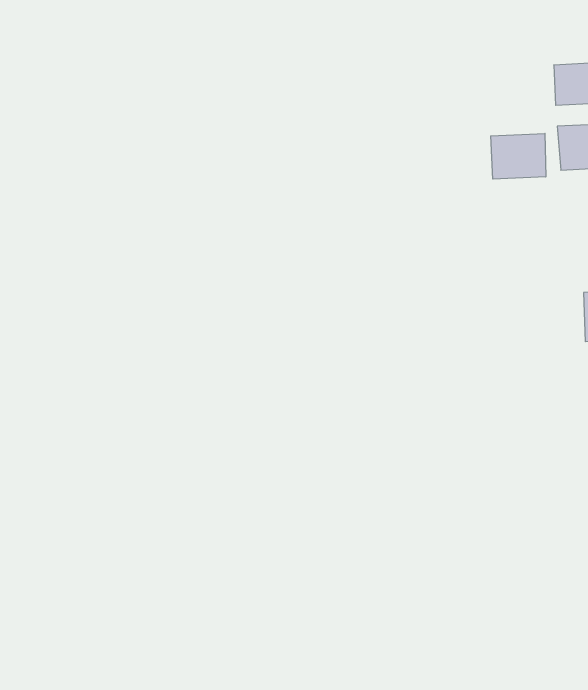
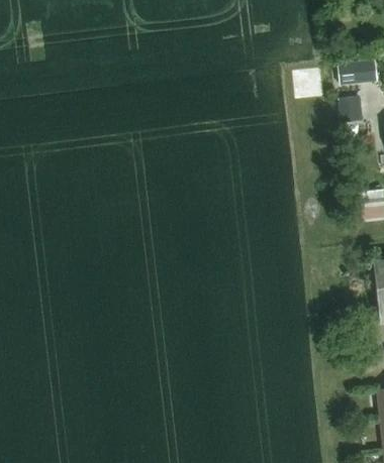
building: [491,133,546,179] -> none

